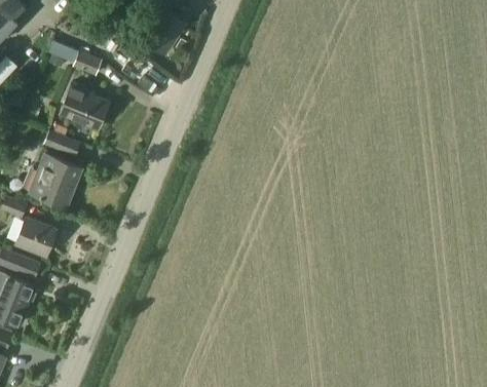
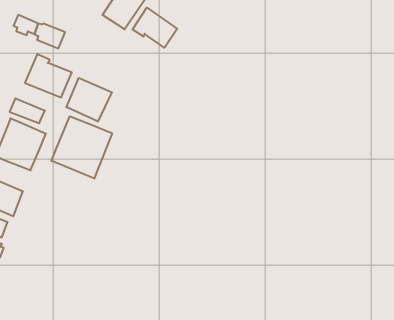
building: none -> [133,8,177,48]
building: none -> [66,78,112,122]
building: none -> [51,116,112,179]

